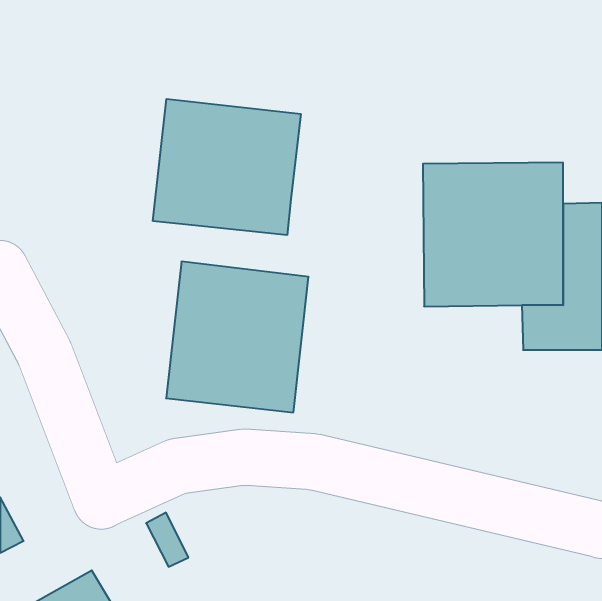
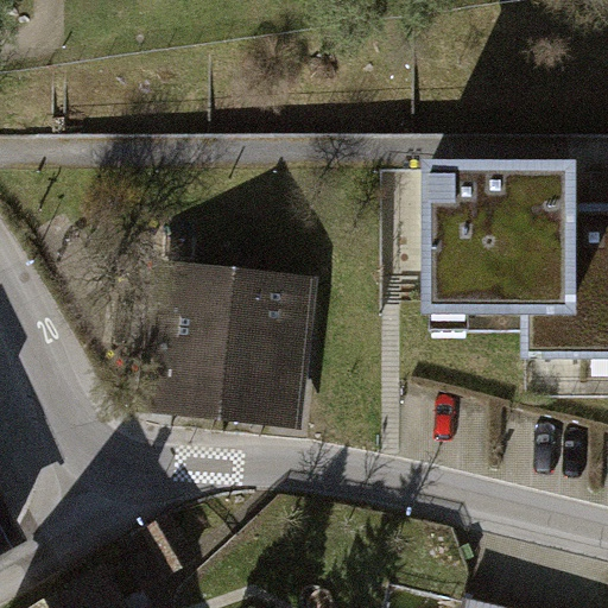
building: [153,99,301,235] -> none

